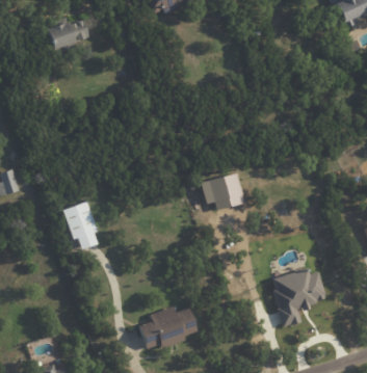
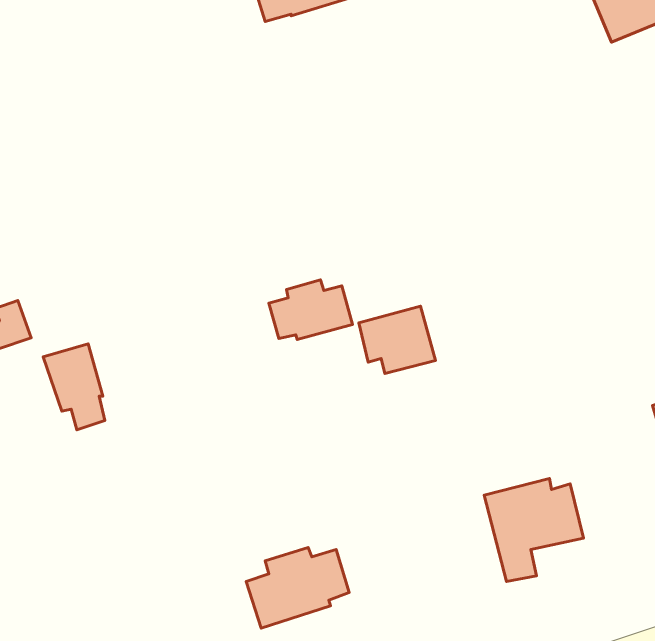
building: [47,17,89,50] -> none
building: none -> [269,280,352,339]
building: [62,202,97,249] -> [43,344,105,430]

